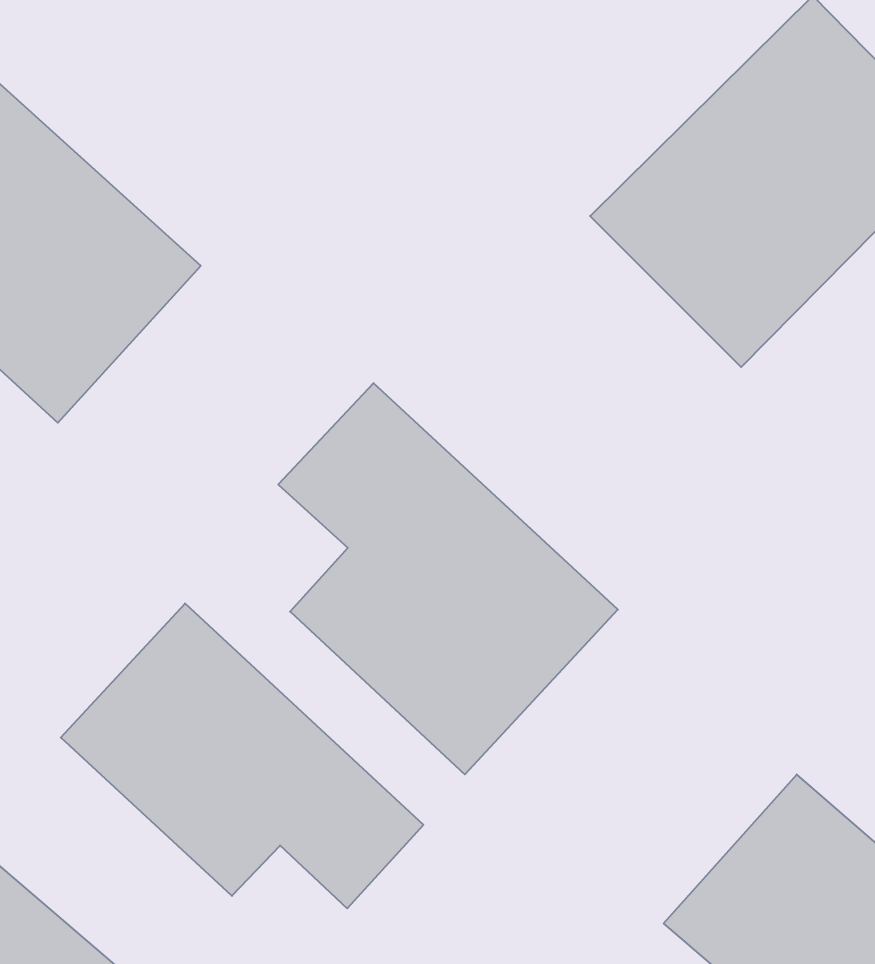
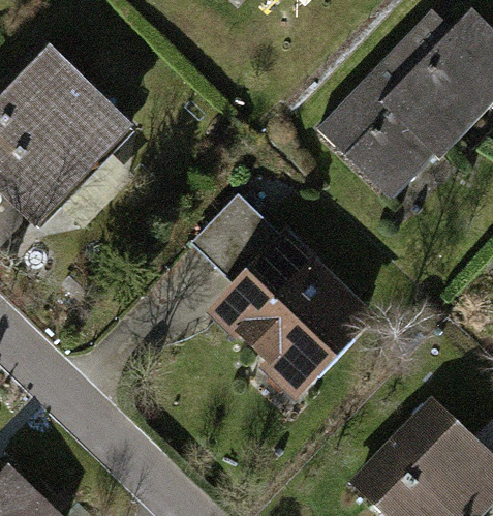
building: [61,603,423,908] -> none

